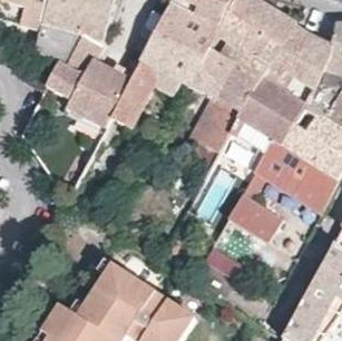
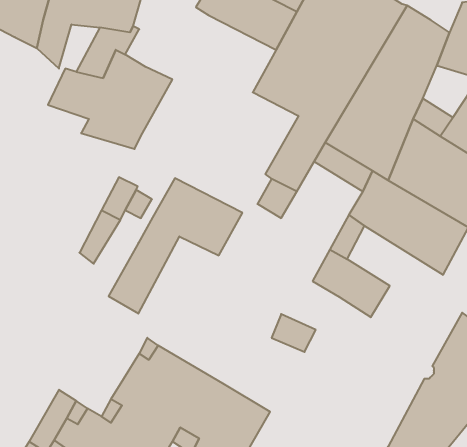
building: [108,28,203,124] -> [109,178,242,314]

